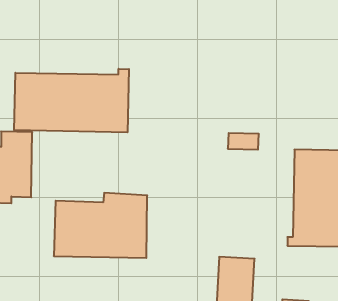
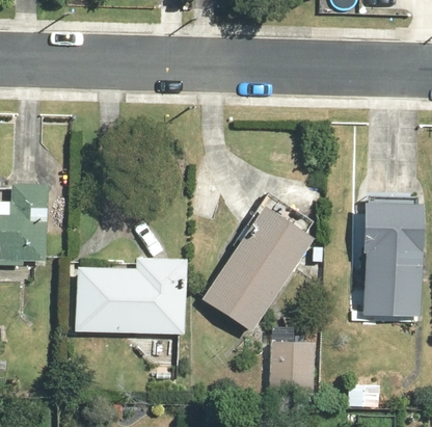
building: [14,69,129,132] -> none
building: none -> [204,207,324,332]

